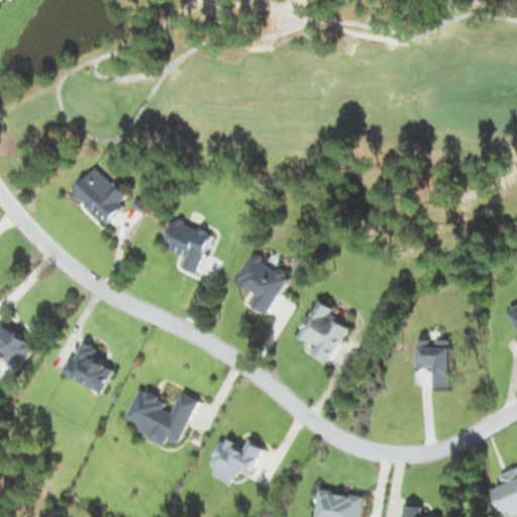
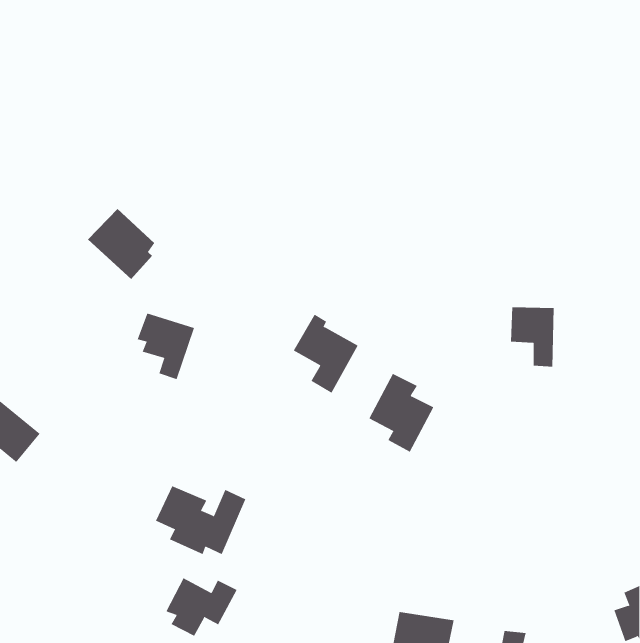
building: [164,220,210,274] -> [137,313,195,380]
building: [415,339,450,388] -> [510,307,554,367]
building: [60,342,112,394] -> none
building: [205,438,263,486] -> [166,577,238,637]

